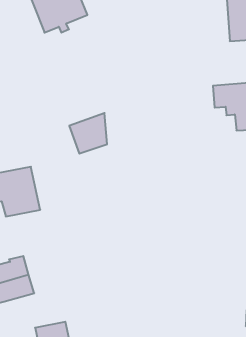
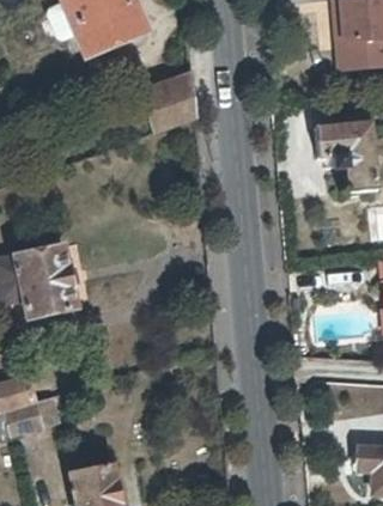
building: [69,113,107,154] -> [135,72,189,129]

